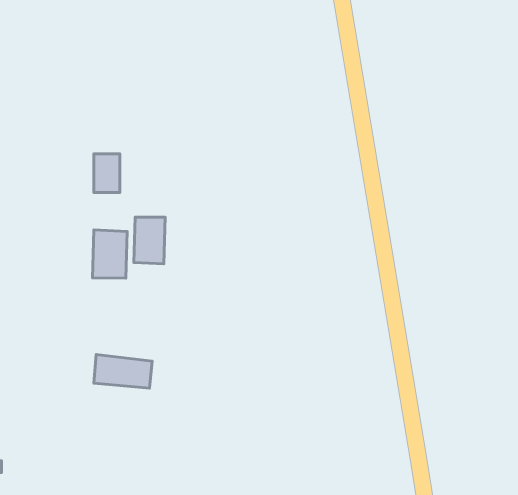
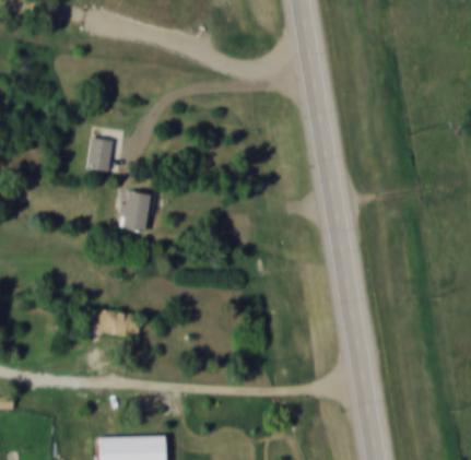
building: [93,230,127,278] -> none

